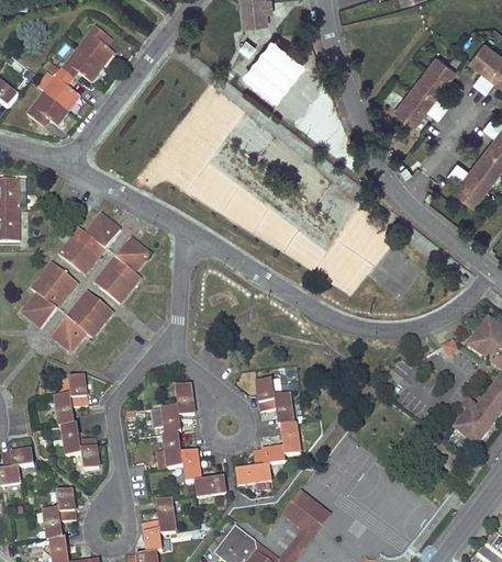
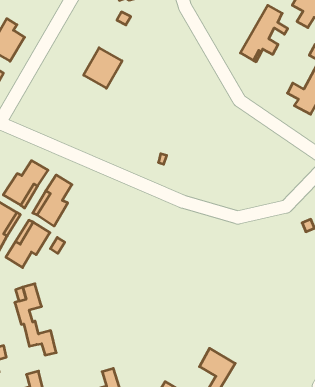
building: [248,41,301,94] -> [84,48,122,88]
building: [235,378,300,484] -> none
building: [152,384,225,496] -> none

